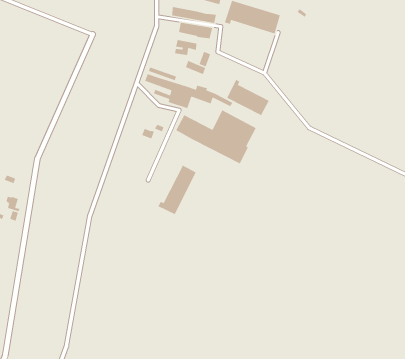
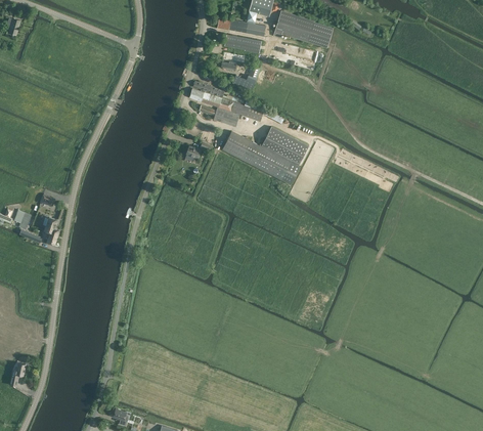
building: [226,79,270,116] -> none
building: [157,164,197,215] -> none

